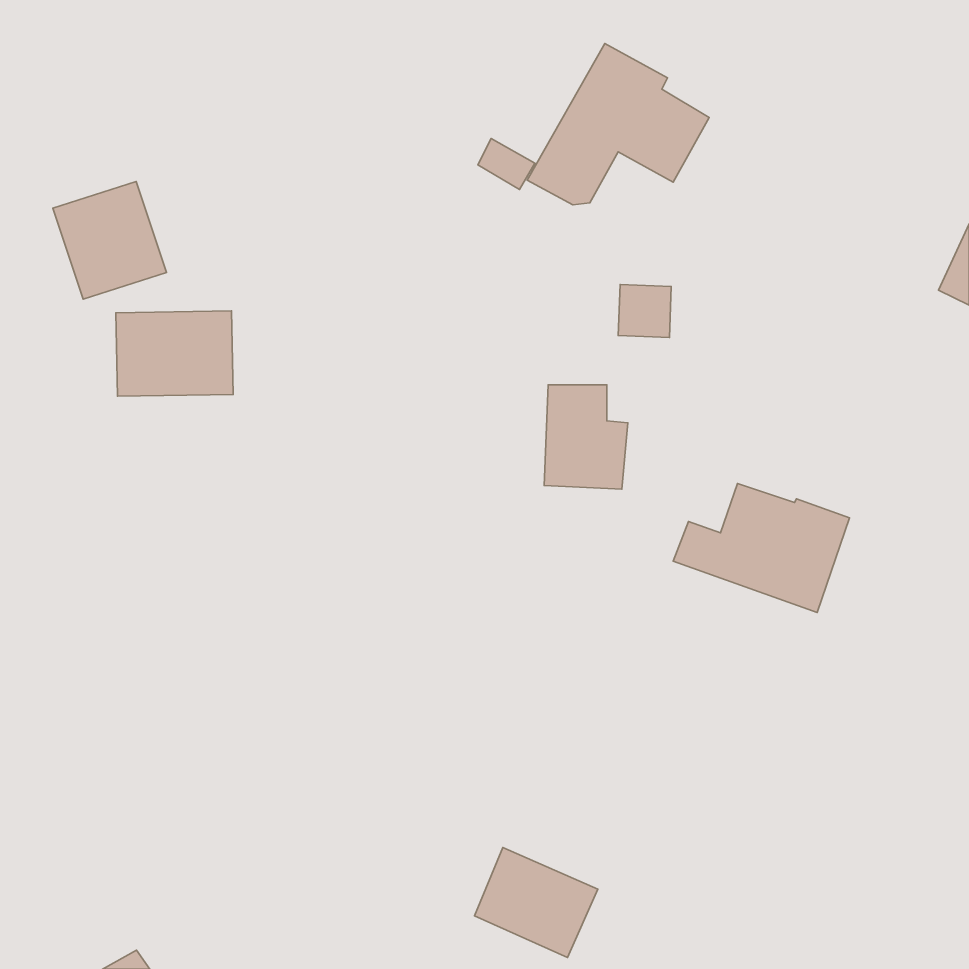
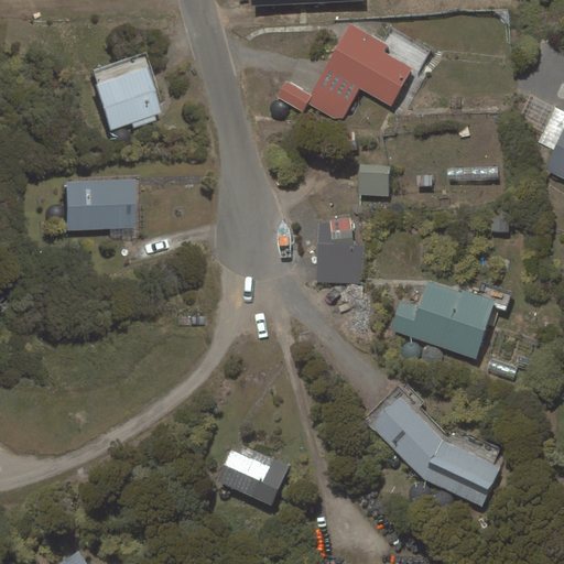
building: [53,182,167,299] -> [96,61,162,129]
building: none -> [372,398,499,506]
building: [474,847,598,957] -> [217,442,289,506]

